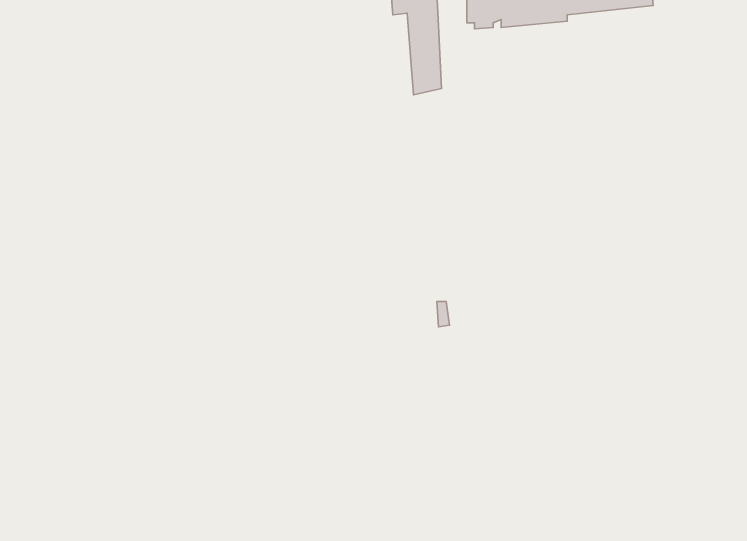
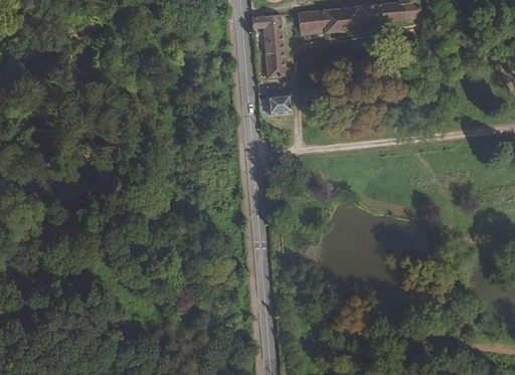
building: none -> [267,95,291,115]

